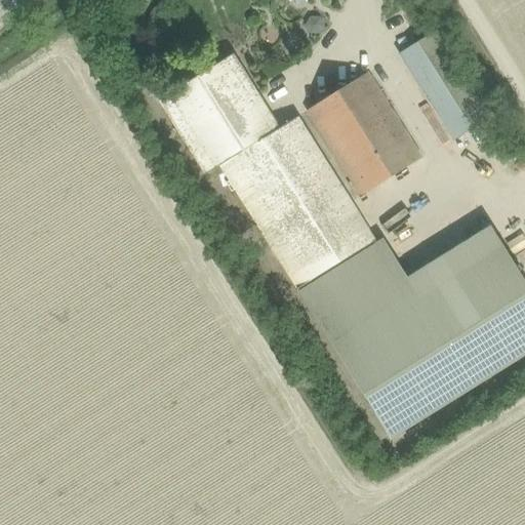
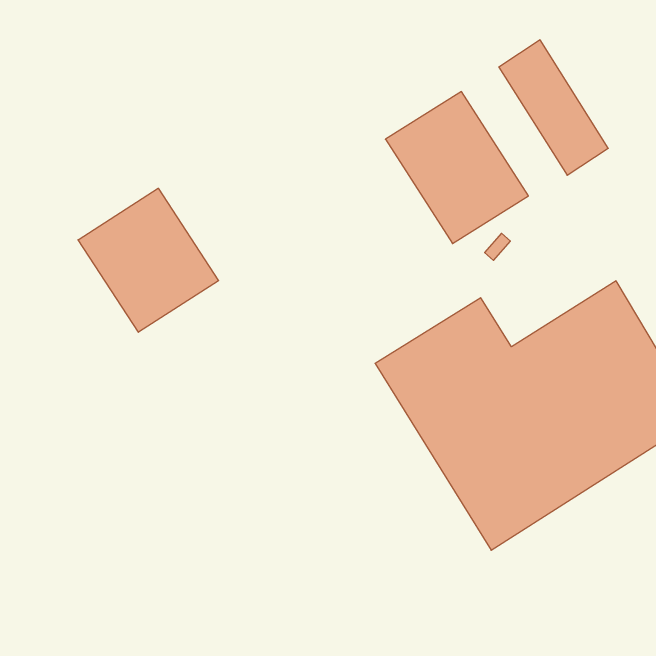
building: [159,54,376,289] -> none
building: none -> [78,188,219,332]

